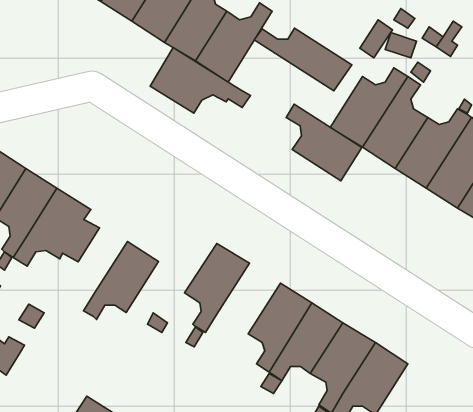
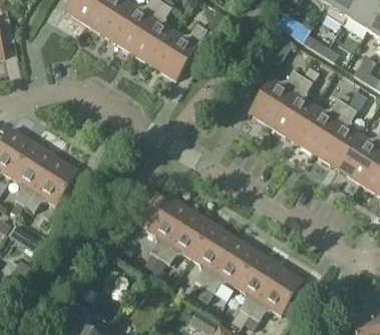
building: [254,28,352,91] -> none
building: [150,48,251,113] -> none
building: [286,104,362,181] -> none
building: [84,242,159,319] -> [160,209,214,264]

